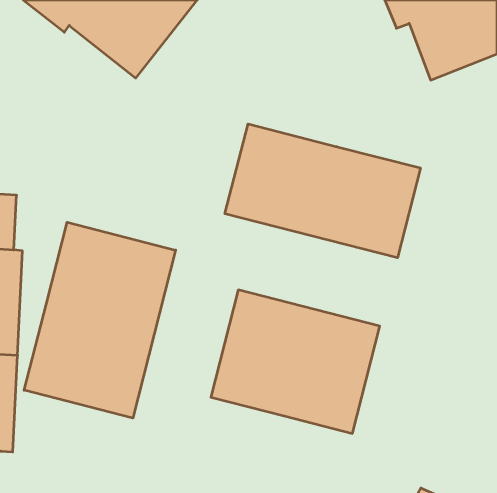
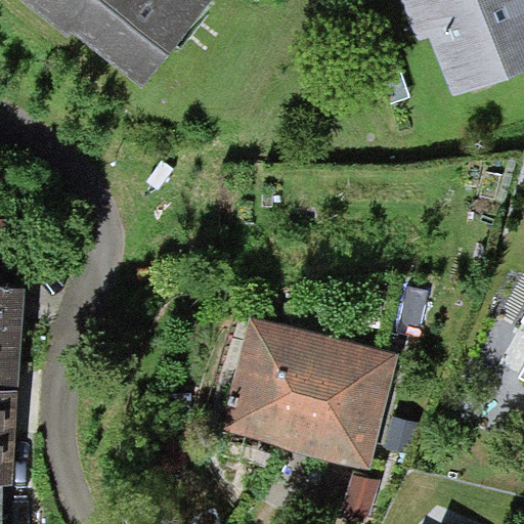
building: [225,124,420,258] -> none
building: [24,222,176,418] -> none

